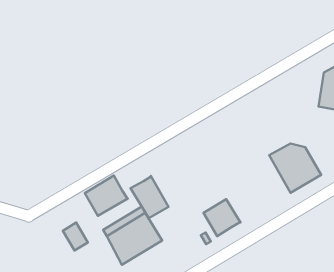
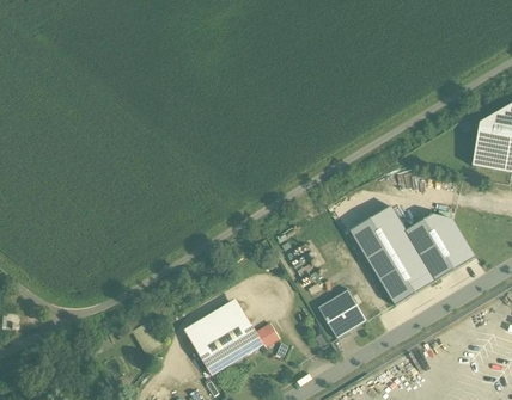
building: none -> [351,205,434,304]
building: [85,175,128,216] -> none
building: [131,176,169,218] -> none

